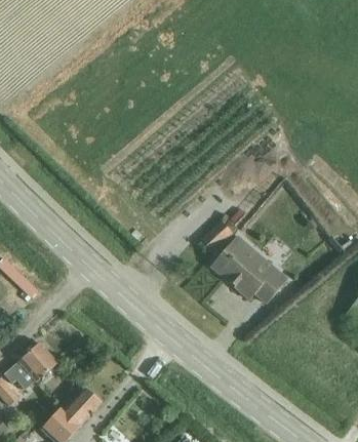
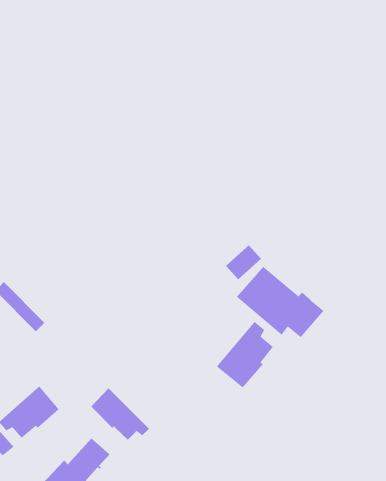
building: none -> [216,321,274,389]
building: none -> [91,388,150,440]

